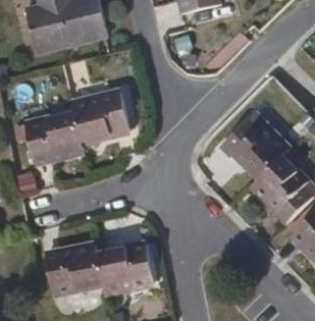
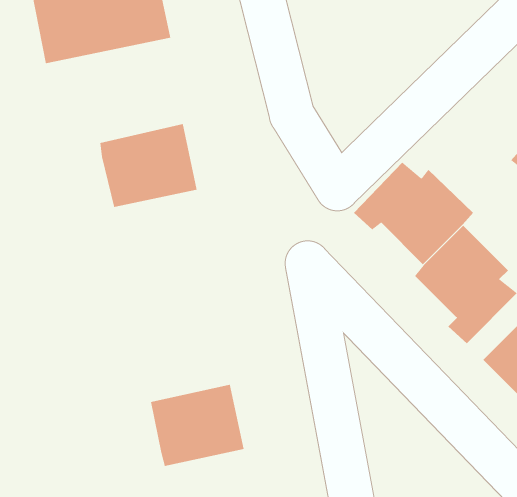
building: [19,113,75,163] -> none
building: [47,247,102,295] -> none

